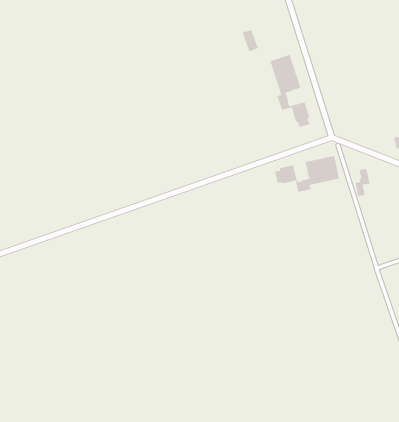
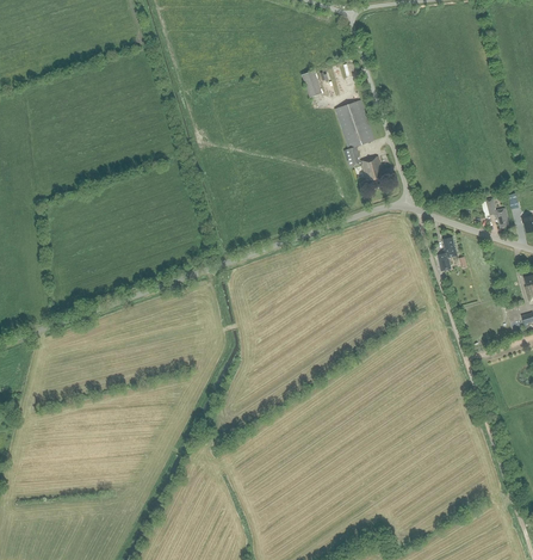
building: [274,155,340,192] -> none

